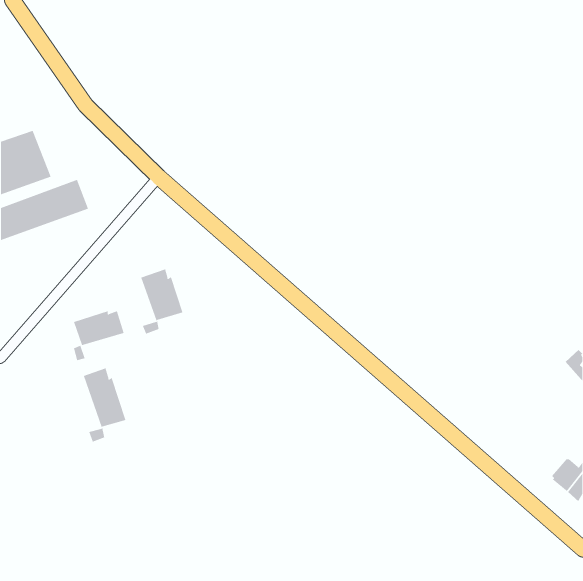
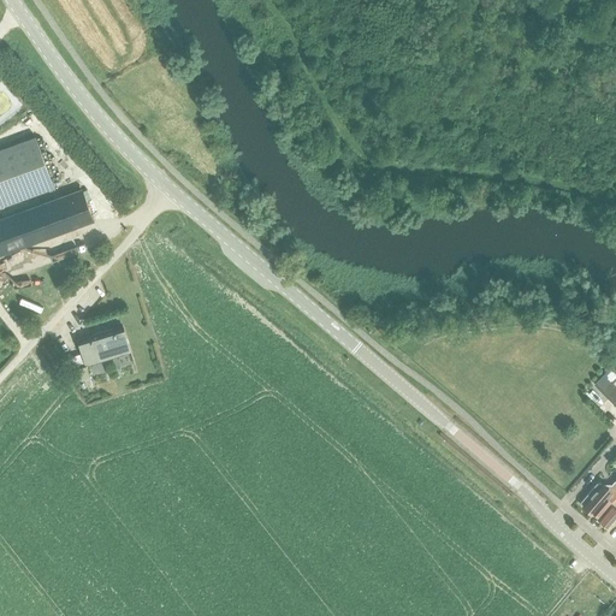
building: [140,268,183,334] -> none
building: [83,367,126,443] -> none

